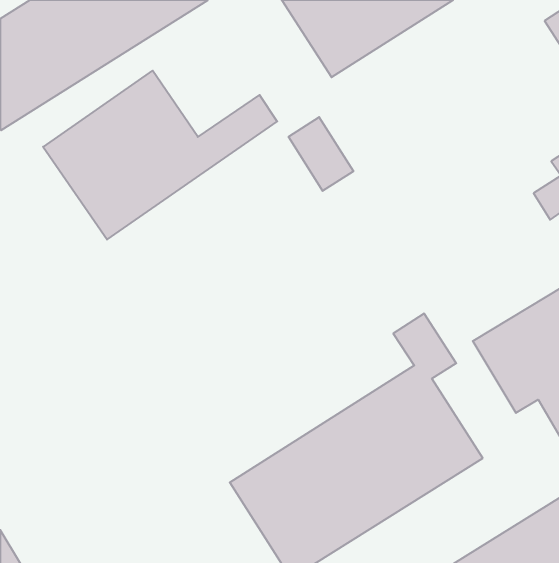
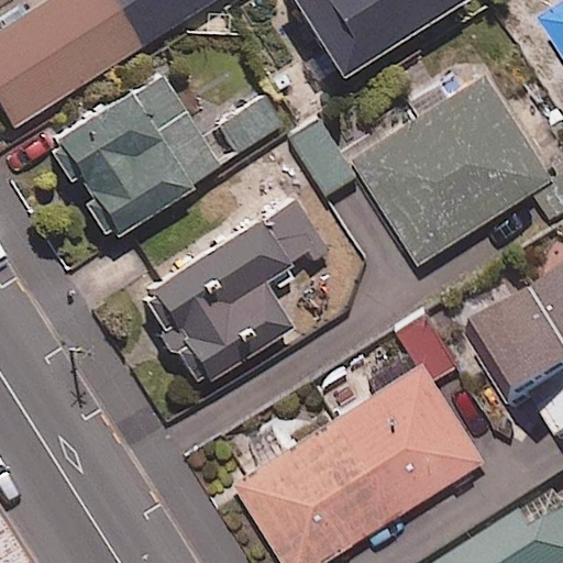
building: none -> [355,71,553,260]
building: none -> [144,201,324,386]

